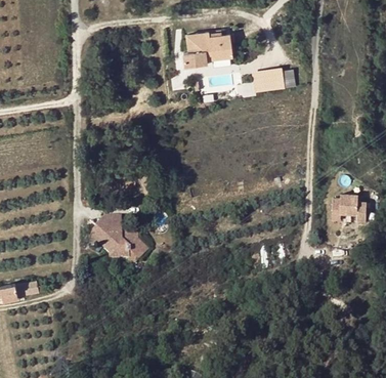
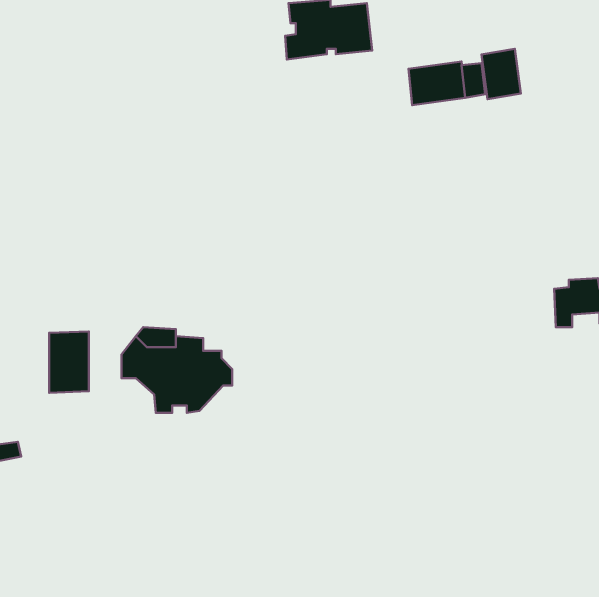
building: none -> [481,49,521,99]
building: none -> [49,331,89,393]

